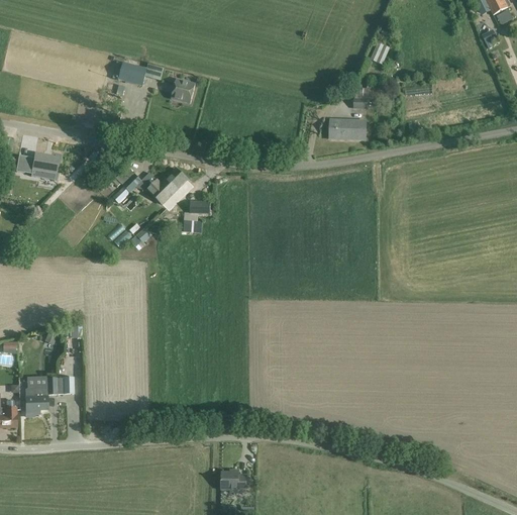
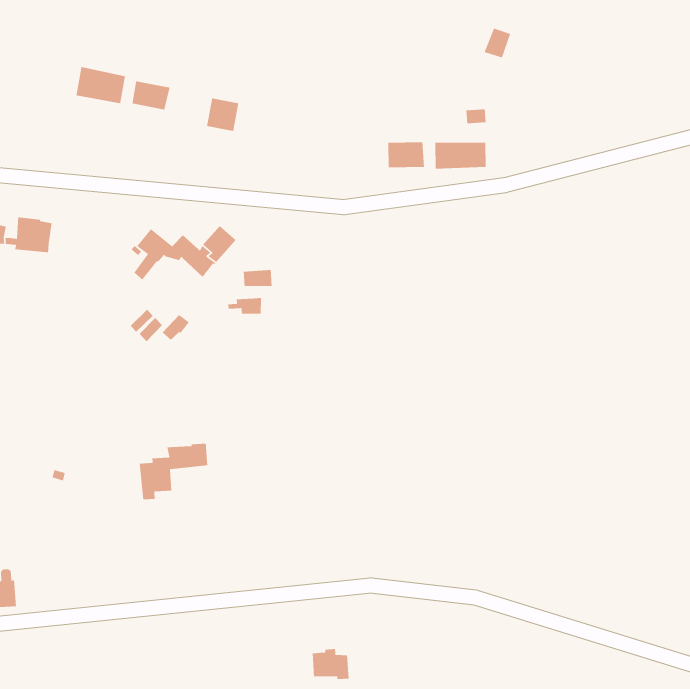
building: none -> [75,66,126,104]
building: none -> [388,141,425,168]
building: [25,377,74,414] -> [139,443,208,500]

